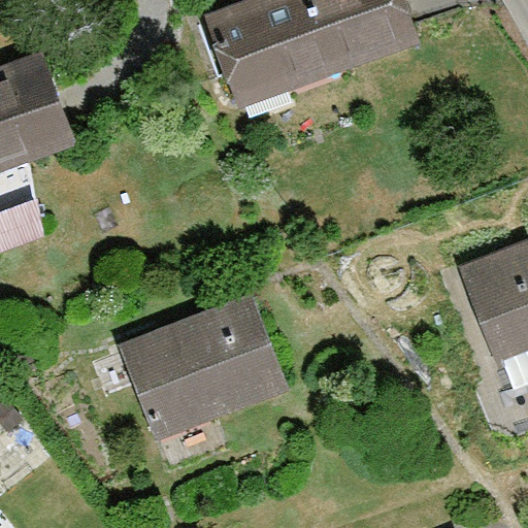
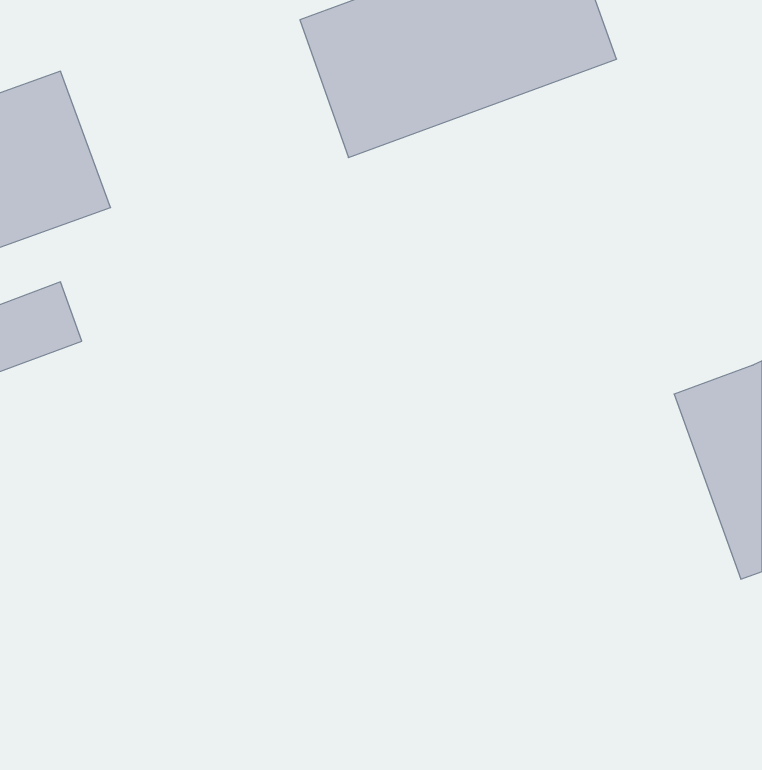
building: [129,306,288,438] -> none

